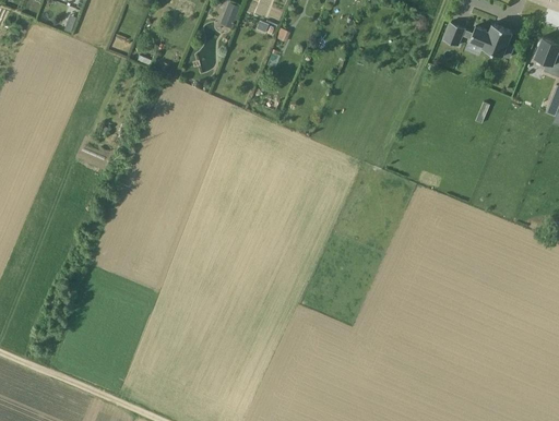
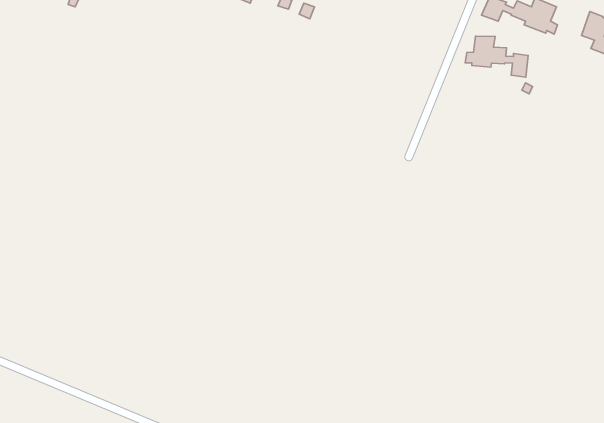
building: none -> [465,36,528,77]

